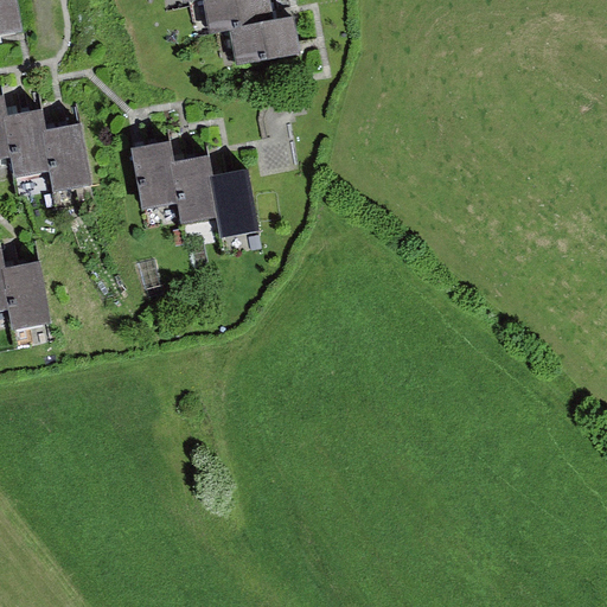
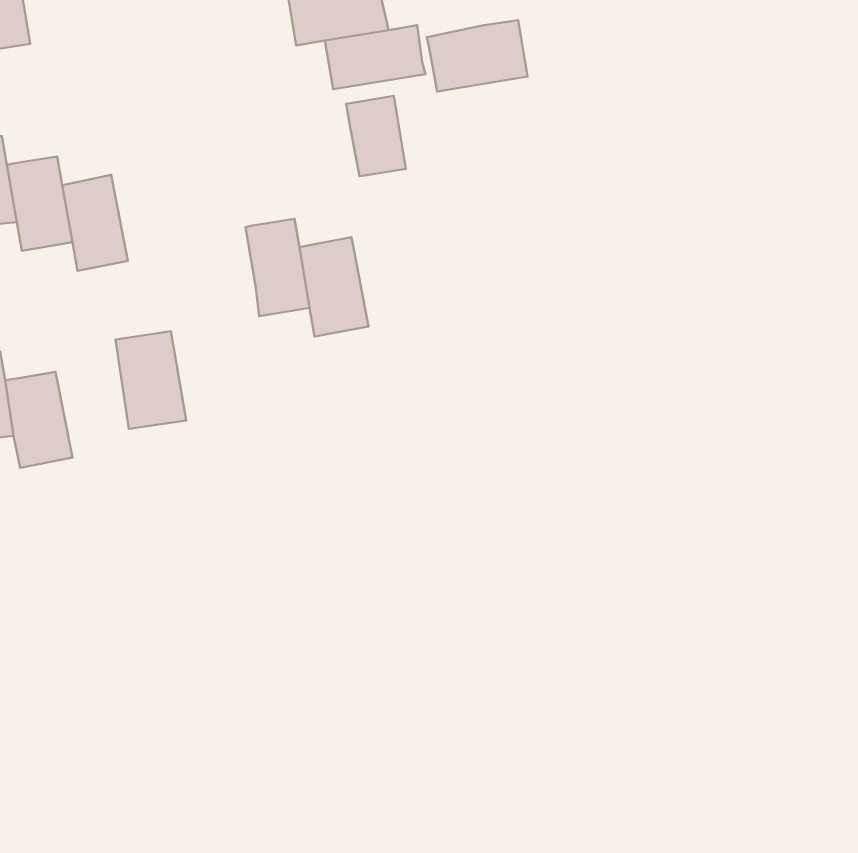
building: none -> [427,20,527,91]
building: none -> [346,96,406,176]
building: [130,140,180,209] -> [115,331,186,429]

